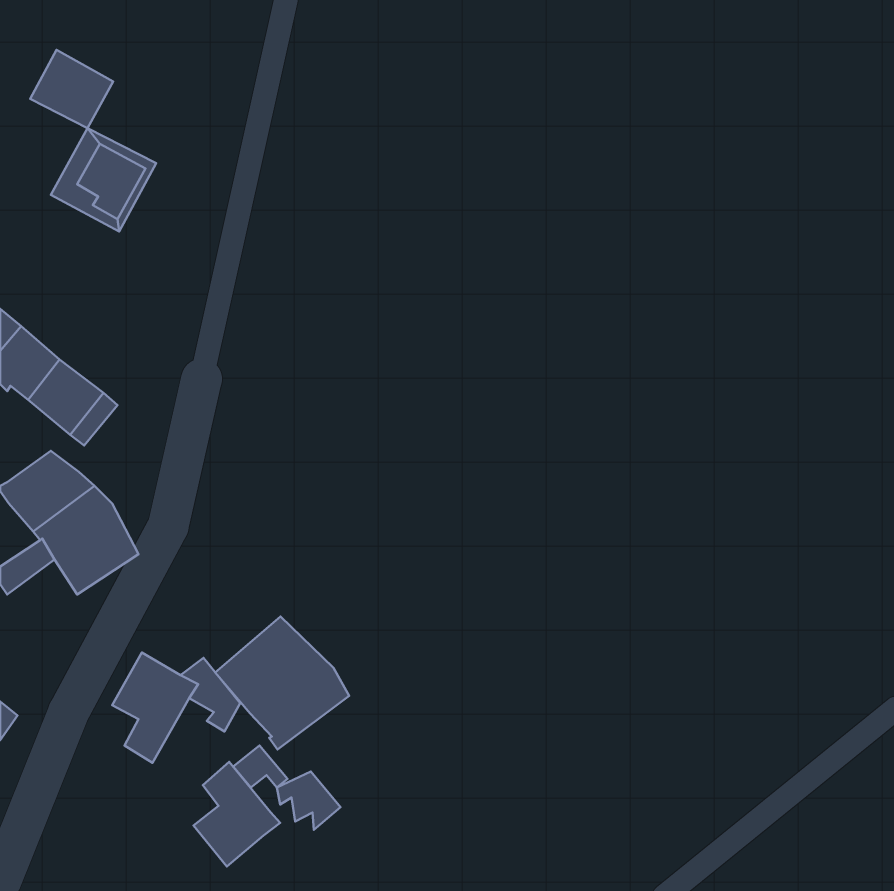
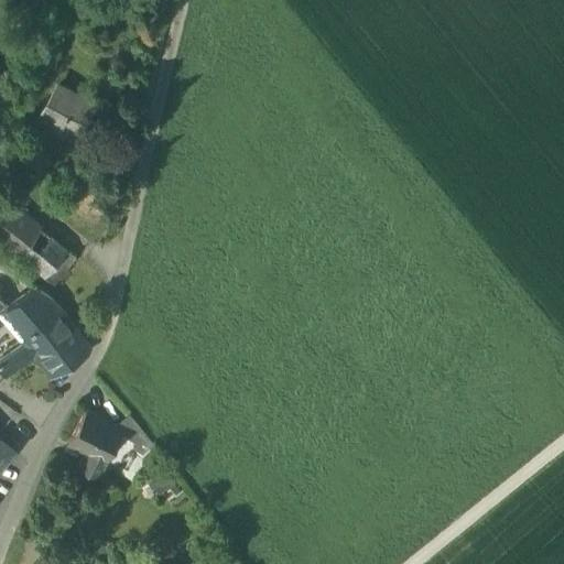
building: [30,50,113,128] -> none
building: [215,616,349,750] -> none
building: [194,762,280,866] -> none
building: [277,772,340,830] -> none

